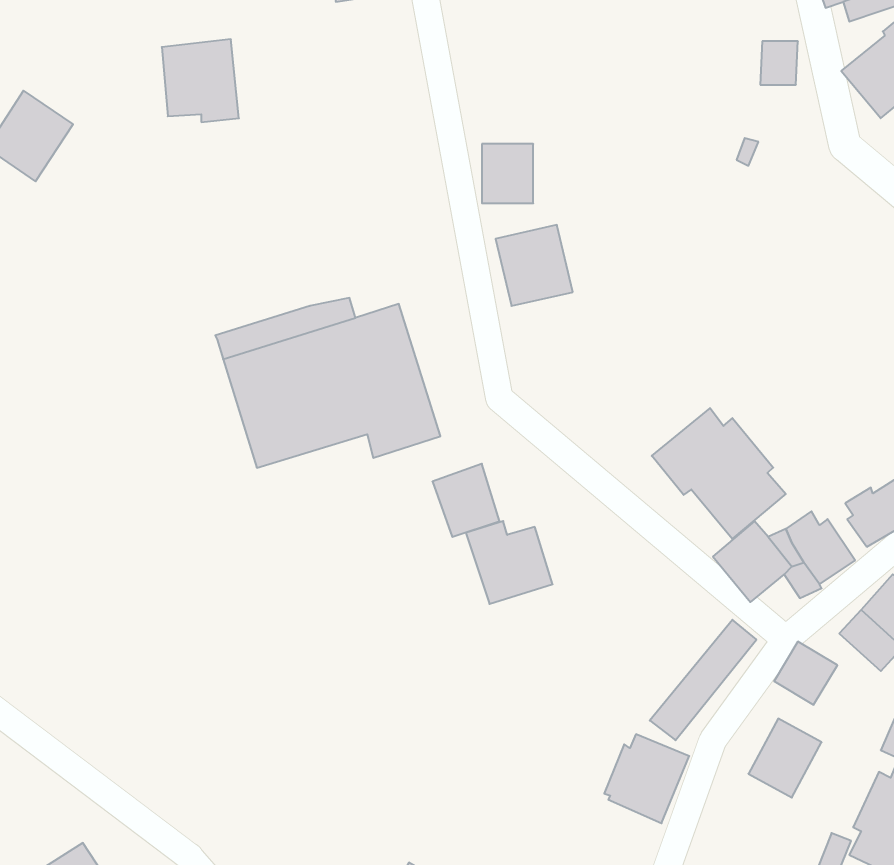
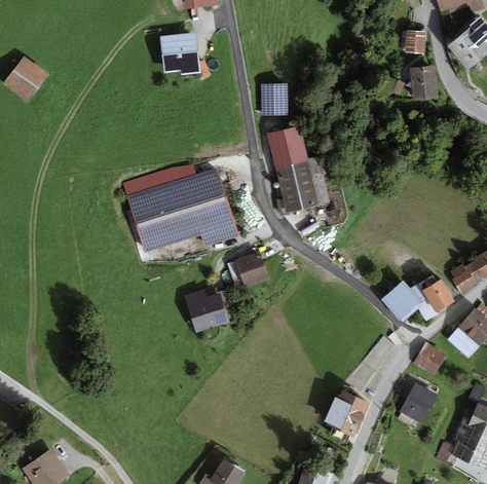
building: [162,39,239,122] -> [160,32,200,75]
building: none -> [410,65,439,101]
building: none -> [276,157,330,213]
building: [652,408,786,539] -> none
building: [466,521,553,604] -> [184,289,229,332]

